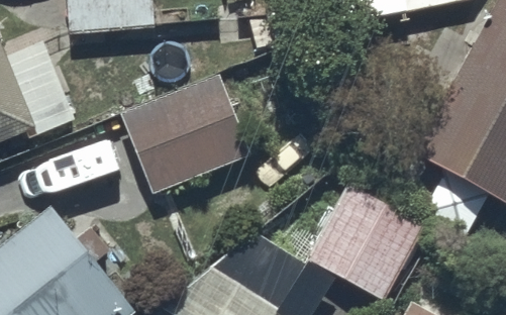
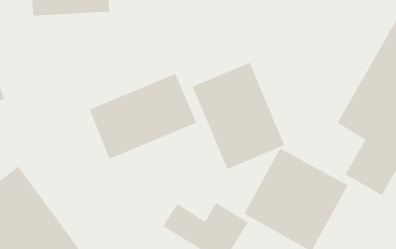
building: none -> [192,62,285,170]

